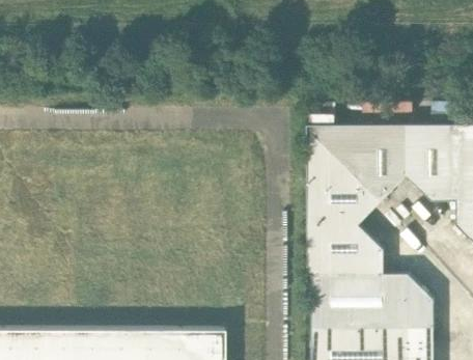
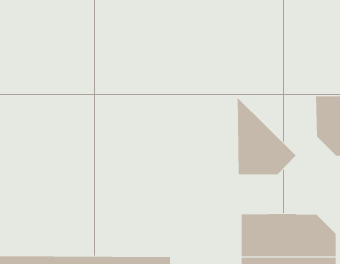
building: [307,126,408,201] -> none
building: [308,226,384,276] -> none

